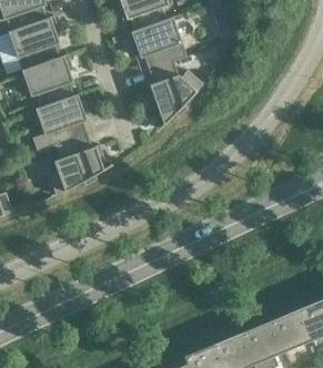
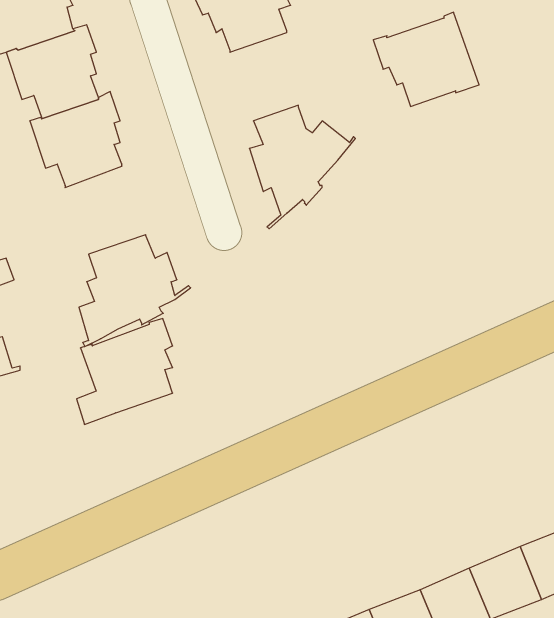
building: [127,16,186,69] -> [373,12,479,106]
building: [32,91,87,151] -> [77,319,173,424]

